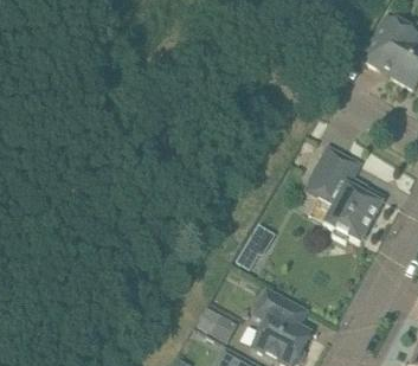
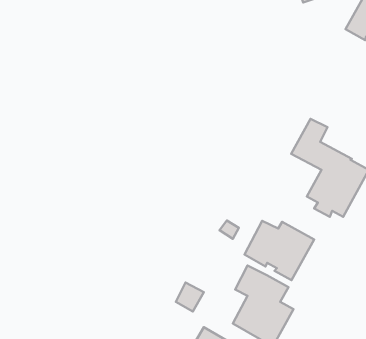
building: none -> [244,221,314,280]

